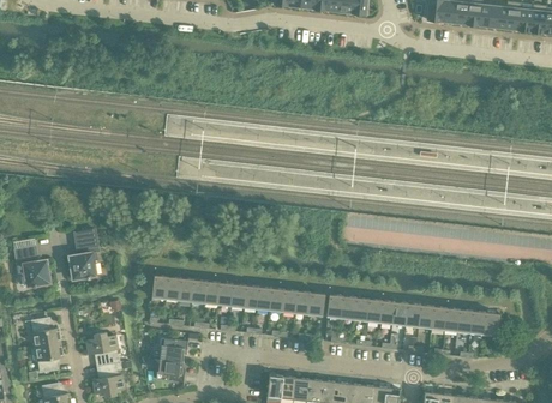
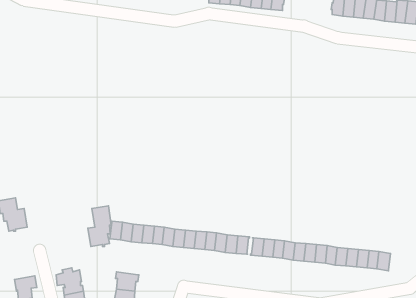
building: [68,228,97,278] -> [88,206,111,246]
building: [30,318,59,347] -> none

